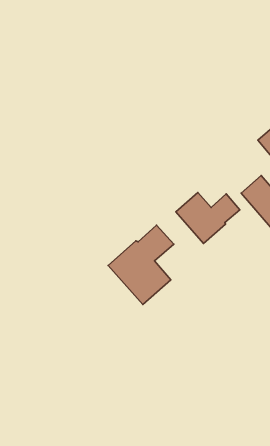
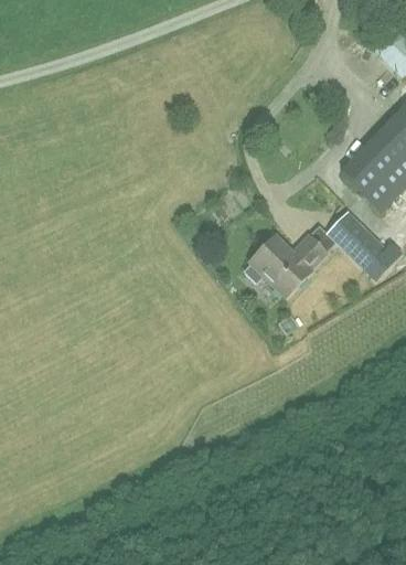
building: [108,225,174,304] -> none

